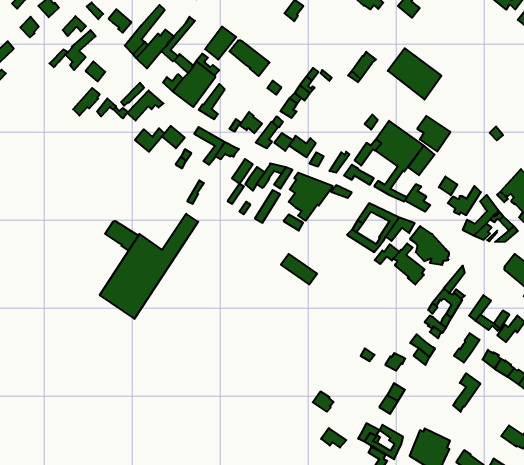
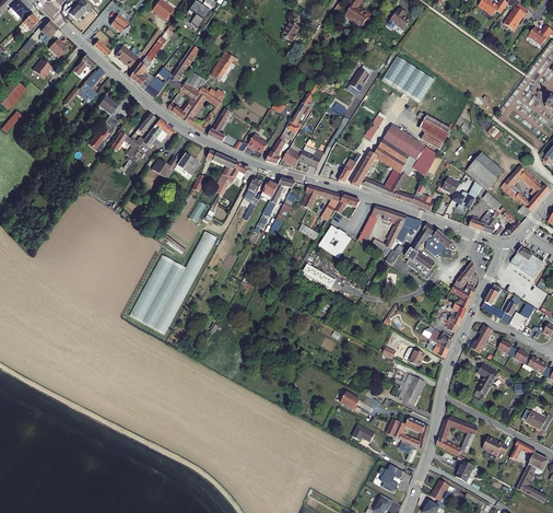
building: [229,40,270,76] -> none
building: none -> [470,152,502,183]
building: none -> [319,223,352,257]
building: [105,221,138,251] -> none

